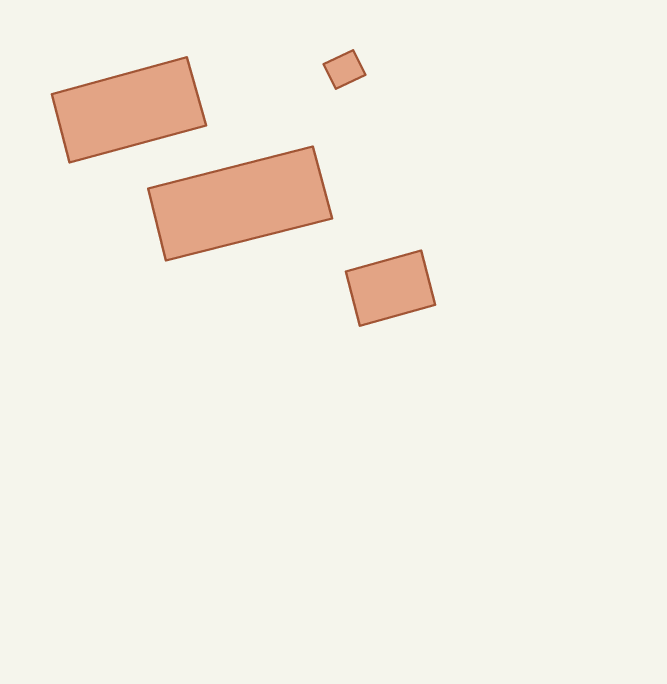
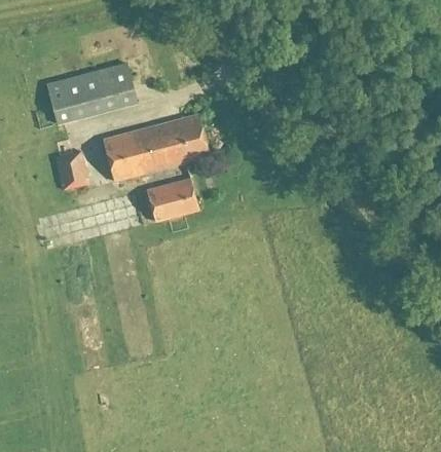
building: none -> [54,149,89,189]
building: [346,250,435,326] -> [146,178,198,222]

